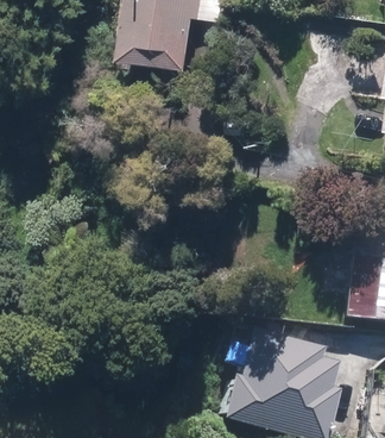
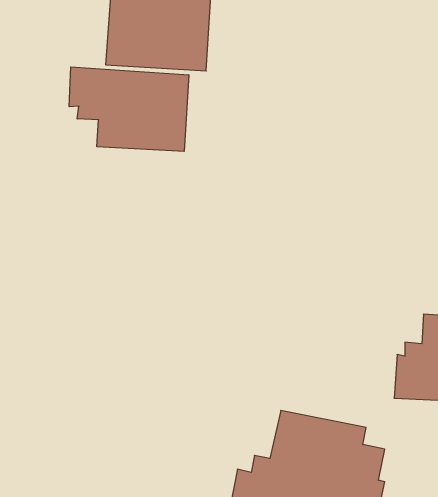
building: none -> [69,67,189,151]

